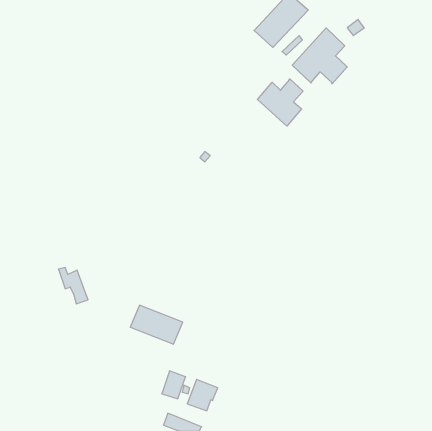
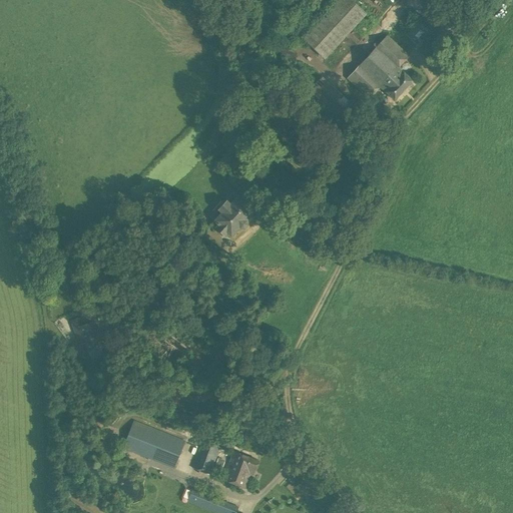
building: [257,79,303,126] -> none
building: none -> [212,192,254,235]
building: [130,305,183,344] -> [123,421,185,467]

